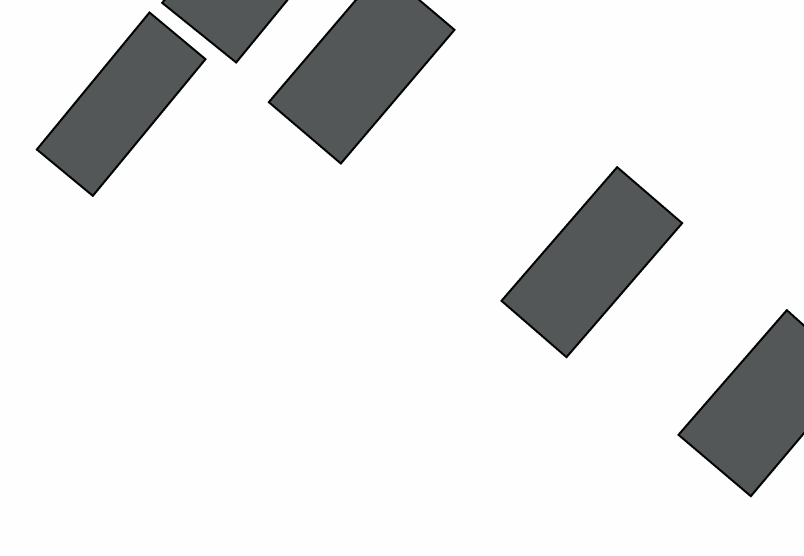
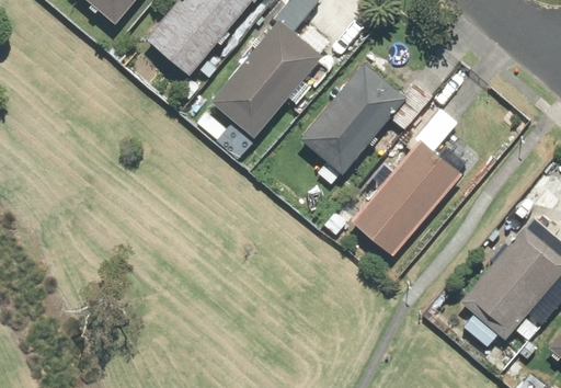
building: [37,13,205,196] -> none
building: none -> [299,62,407,174]

